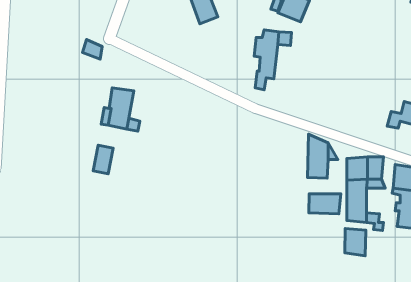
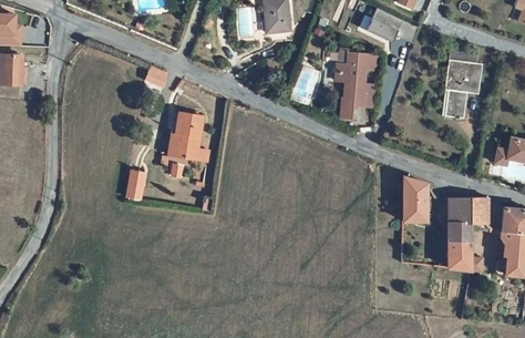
building: none -> [440,48,483,116]
building: [93,145,113,174] -> [124,167,146,199]
building: [309,194,341,214] -> none
building: [345,228,366,256] -> none

